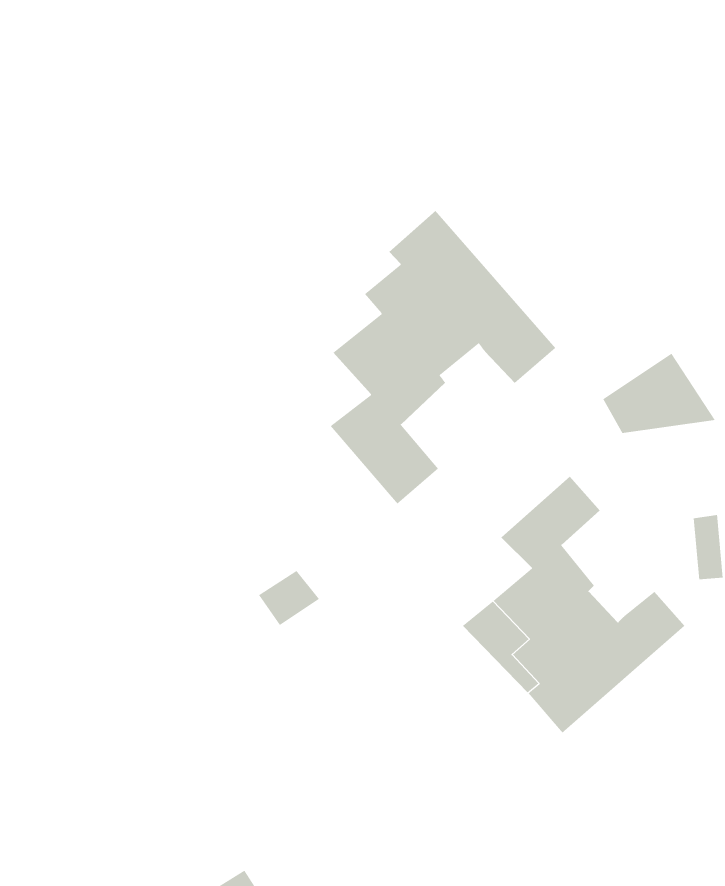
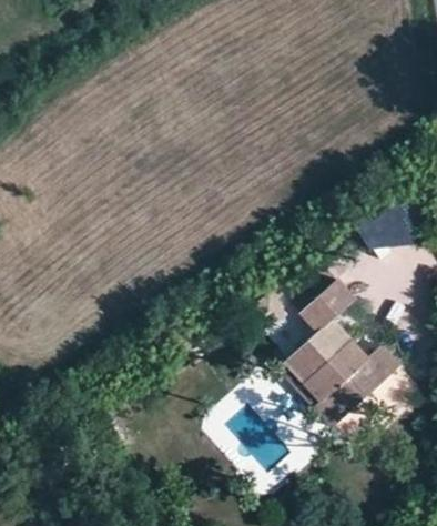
building: [330,210,556,505] -> none

